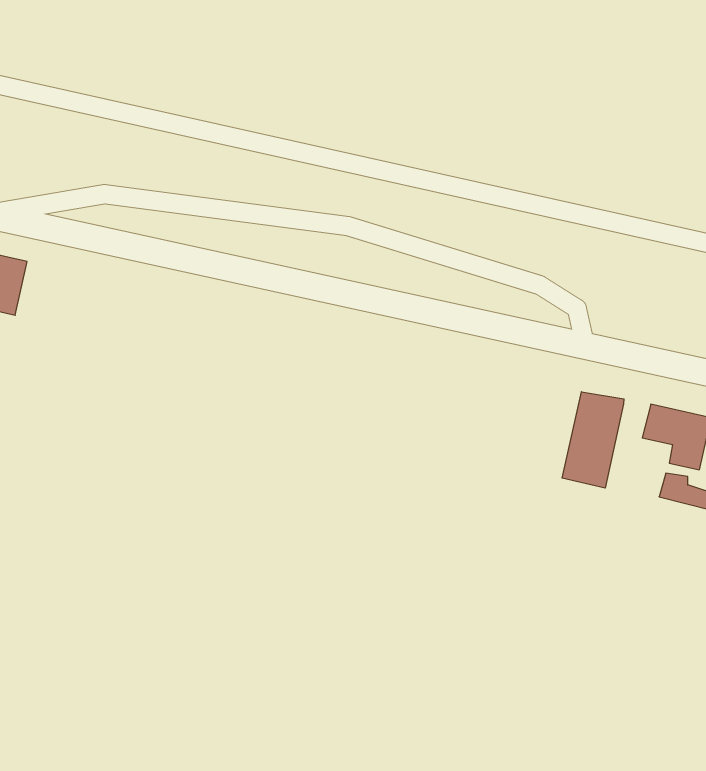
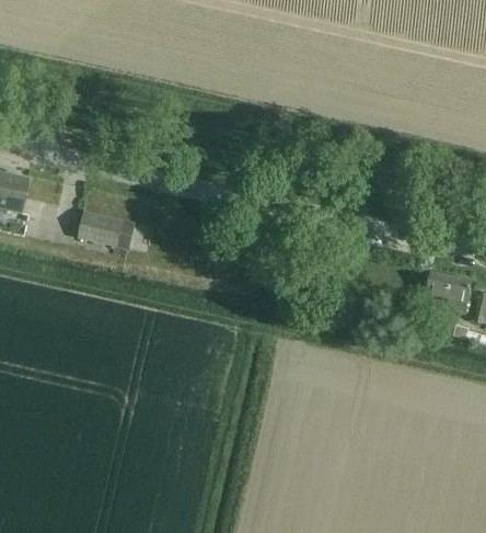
building: none -> [79,212,132,248]
building: [562,392,624,488] -> none

